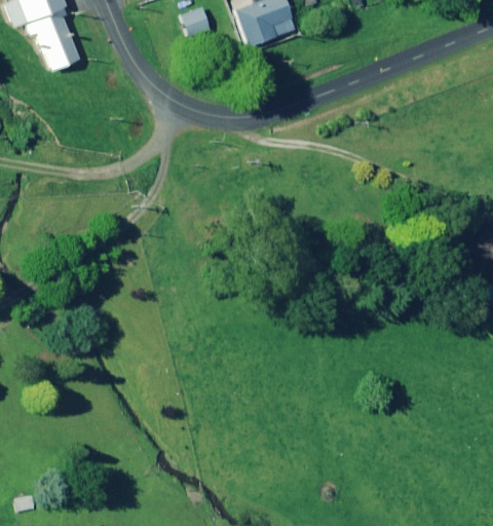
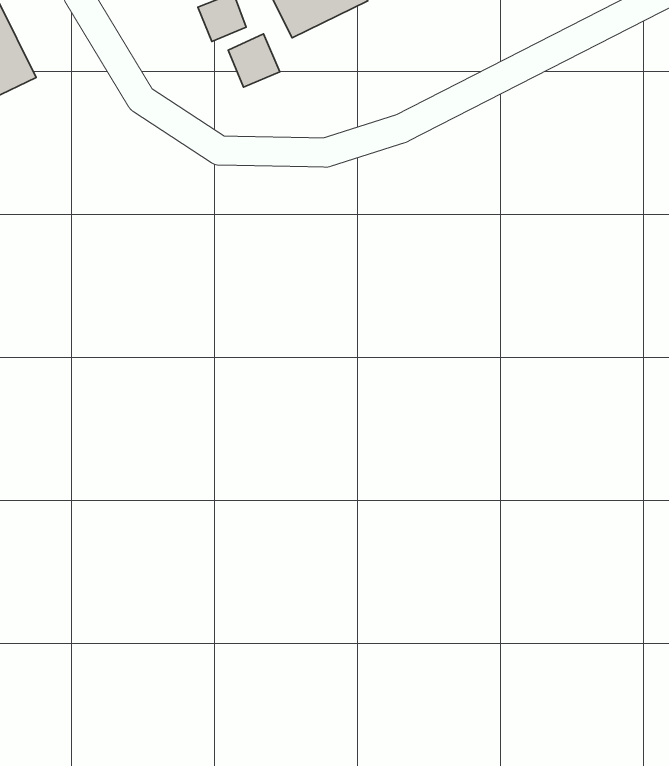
building: none -> [228,34,280,87]

